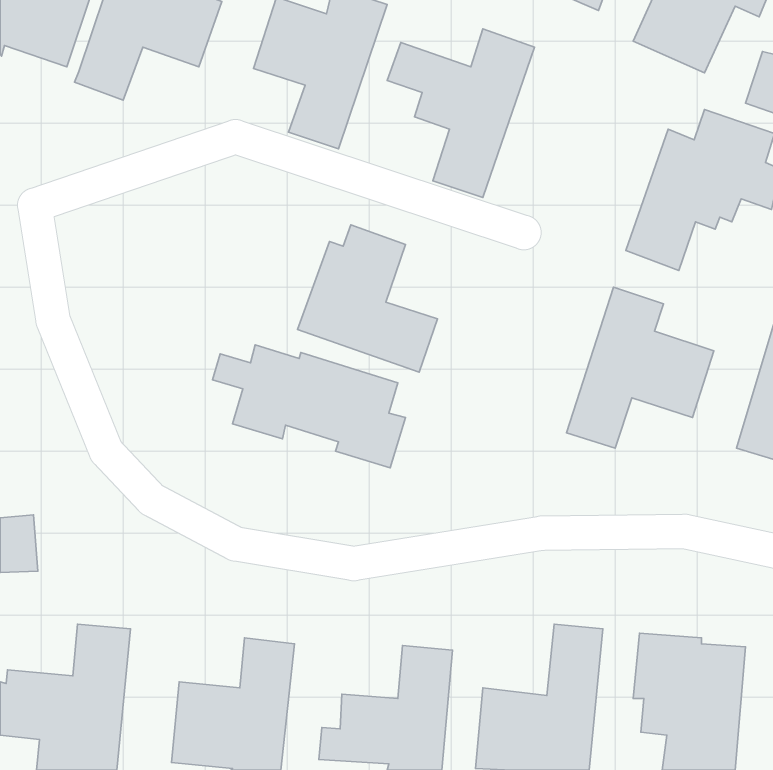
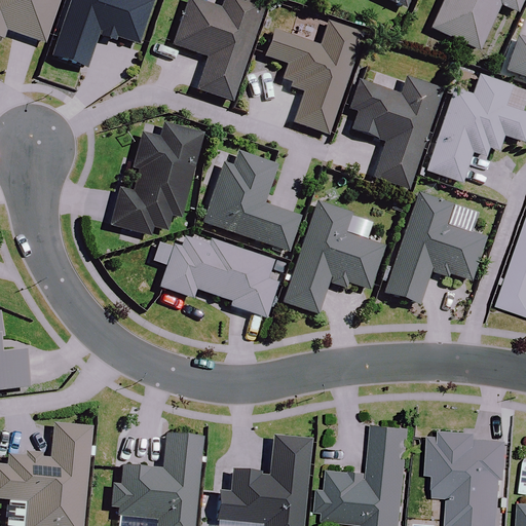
building: none -> [346,77,440,190]
building: none -> [112,121,203,234]
building: none -> [284,200,385,314]

